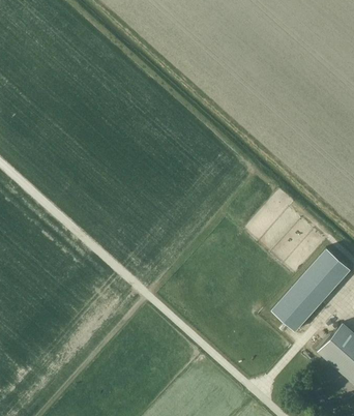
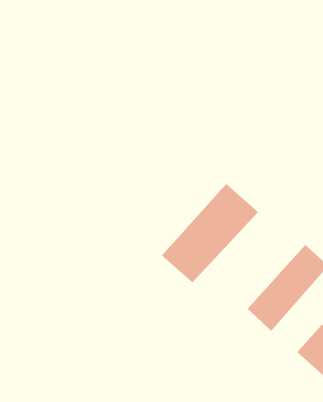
building: none -> [161,183,259,283]

